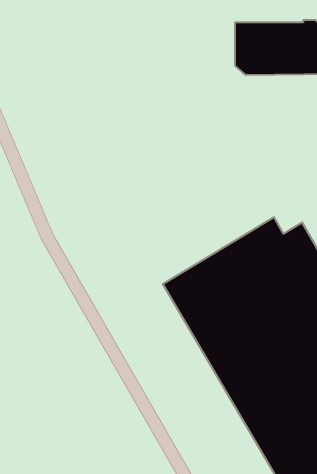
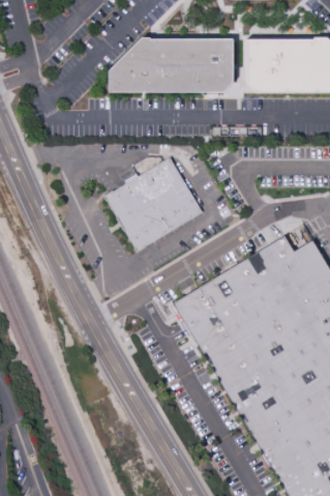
building: none -> [110,37,235,91]
building: none -> [103,156,203,253]

